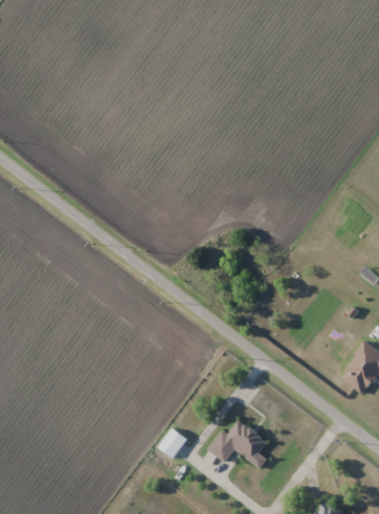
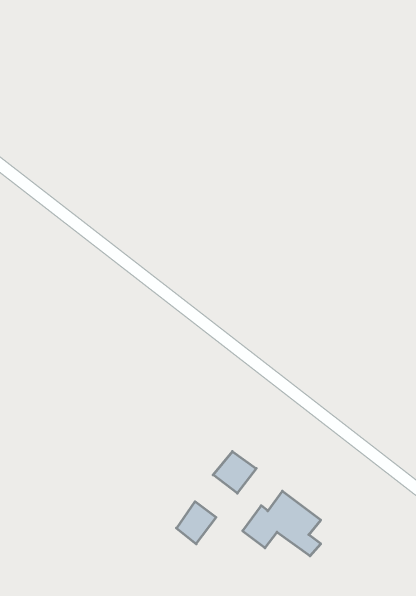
building: none -> [213,451,256,493]

